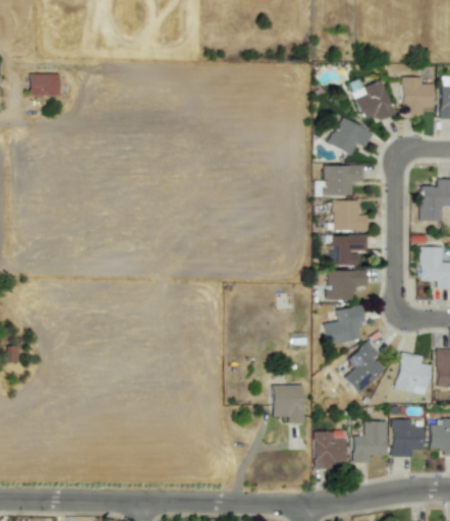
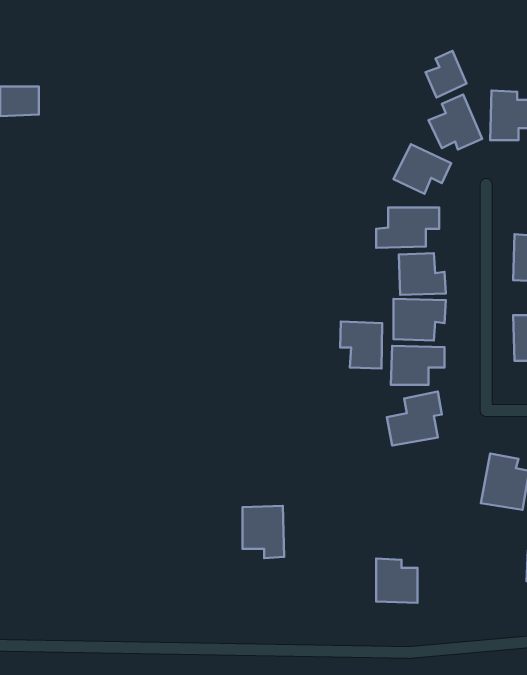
building: none -> [426,51,466,97]
building: none -> [340,321,382,368]
building: [345,340,386,394] -> none
building: [273,384,304,423] -> [243,506,284,558]
building: [393,419,425,457] -> none
building: [354,420,388,462] -> none

